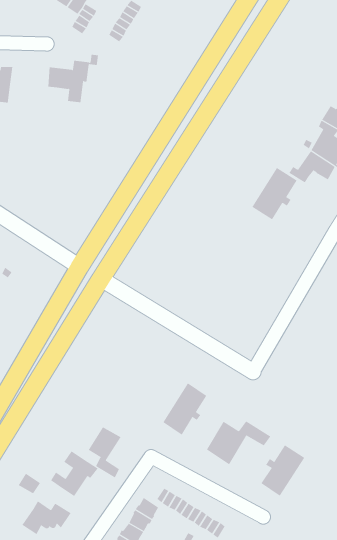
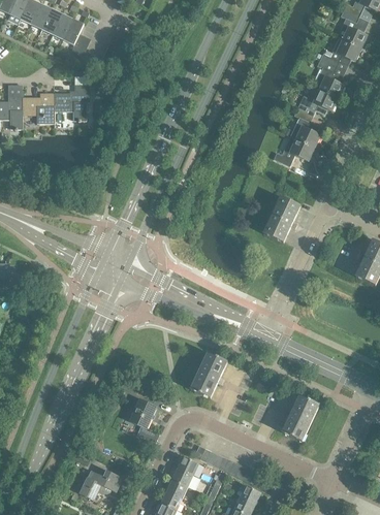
building: none -> [23,93,55,124]
building: [251,167,298,220] -> [263,196,300,243]
building: [206,420,271,465] -> none
building: [50,450,98,497] -> none

